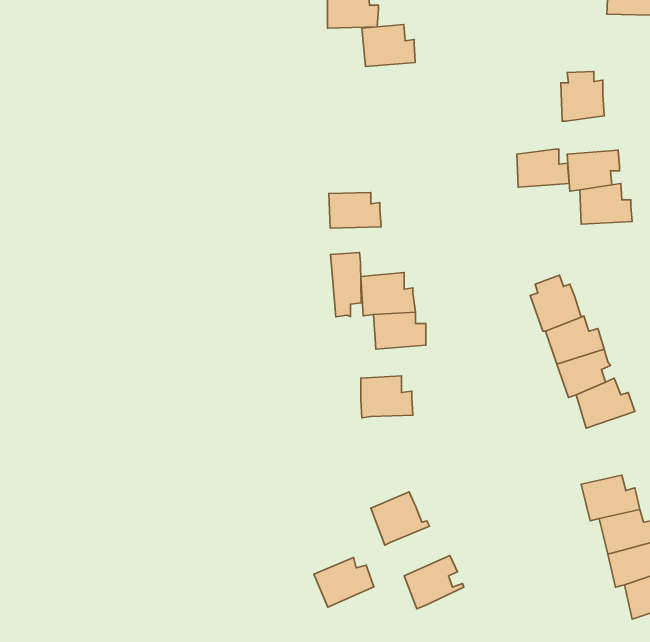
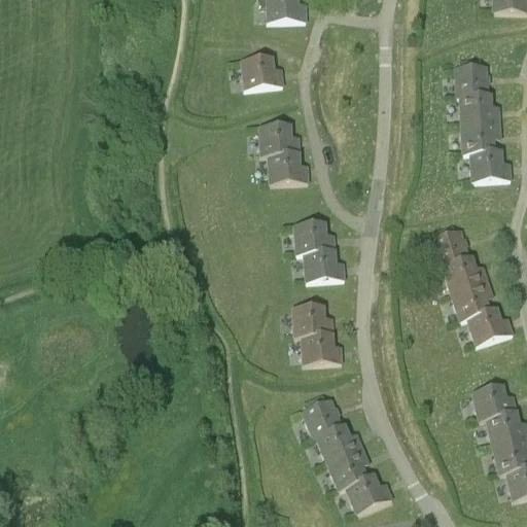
building: [362,24,415,66] -> [240,56,283,90]
building: [517,149,569,187] -> [458,94,500,125]
building: none -> [258,124,301,156]
building: [331,252,361,317] -> none
building: none -> [301,336,342,364]
building: [314,558,374,607] -> [316,425,364,465]
building: none -> [345,475,393,515]

